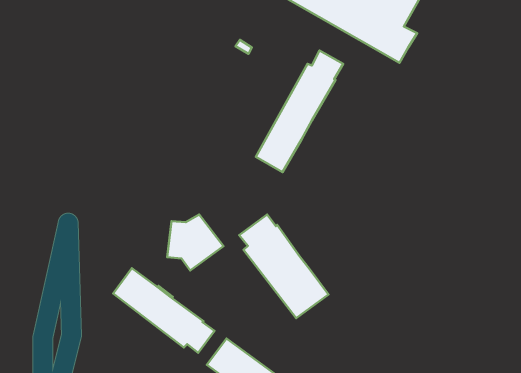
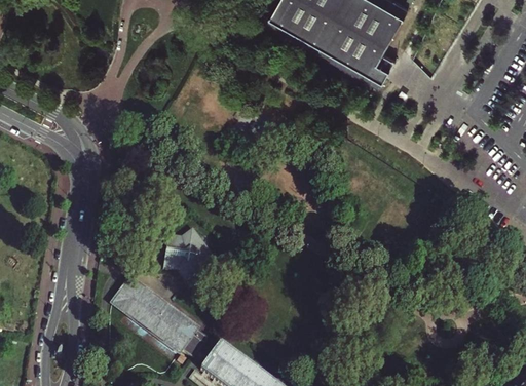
building: [256,51,343,172] -> none
building: [239,214,328,318] -> none

